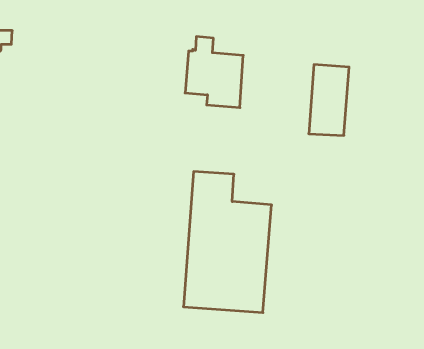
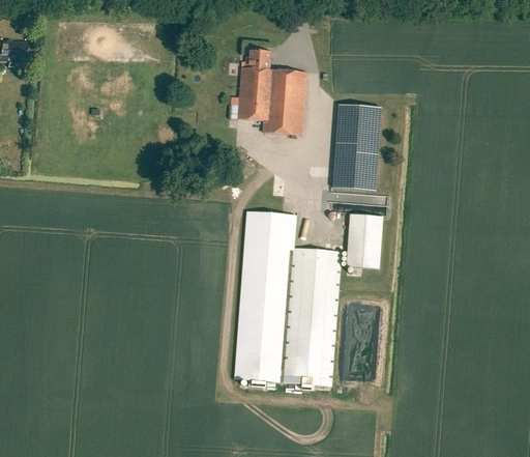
building: [309,65,349,135] -> [332,104,381,190]
building: none -> [346,213,382,267]

